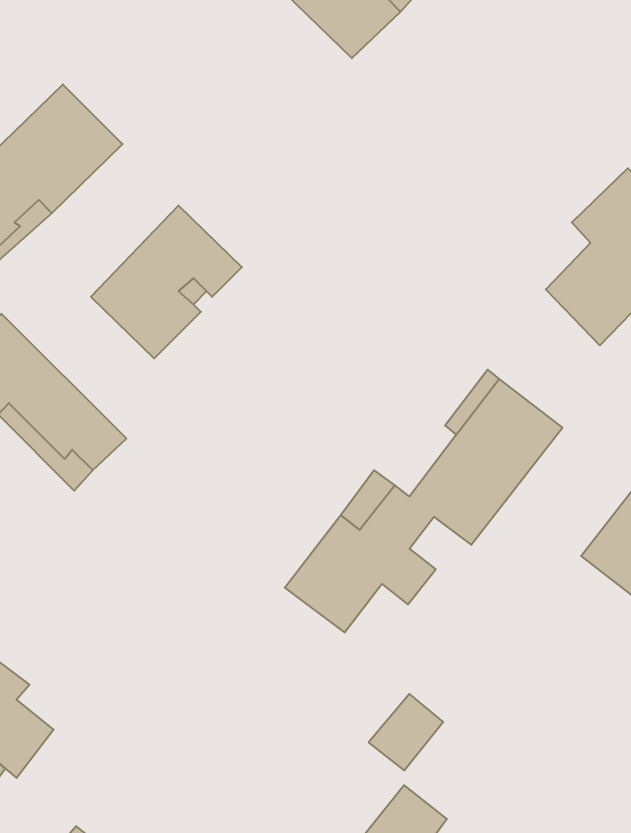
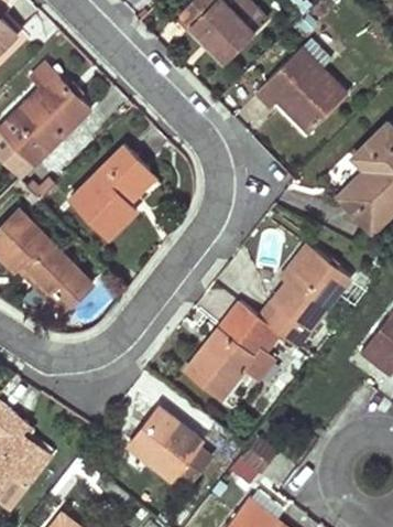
building: none -> [255,39,346,133]
building: none -> [129,408,209,485]

